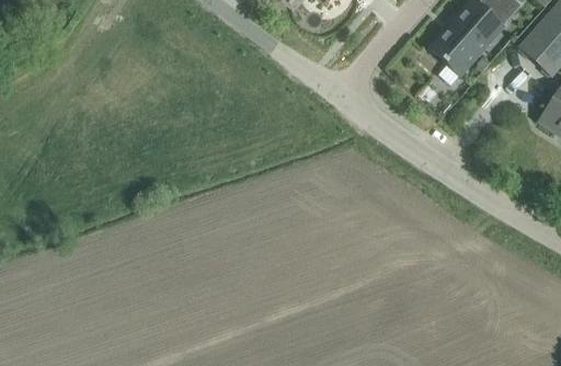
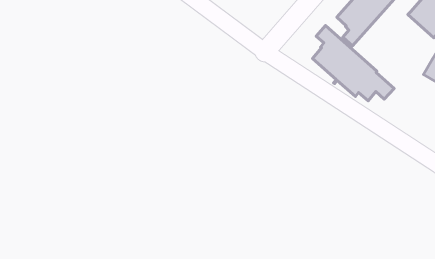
building: none -> [312,26,394,101]

